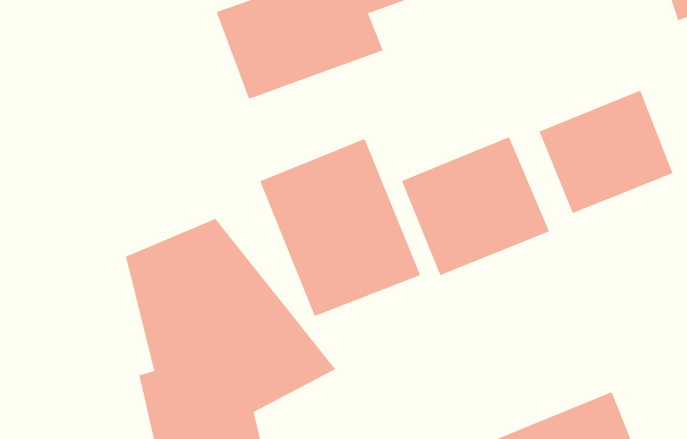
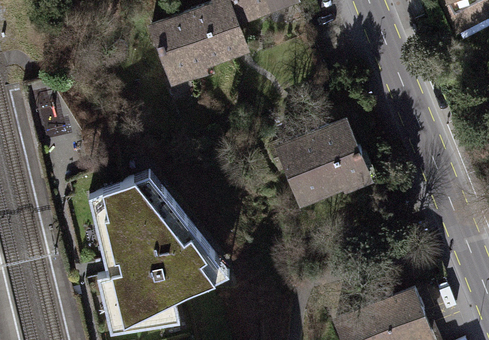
building: [539,90,673,214] -> none
building: [260,138,421,317] -> none

